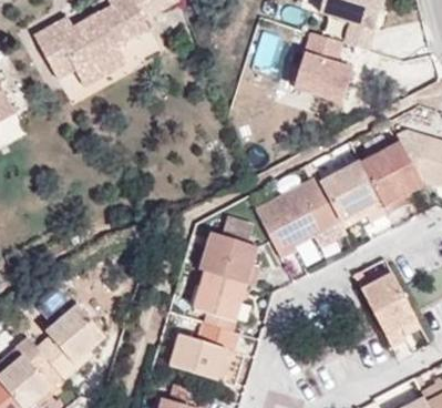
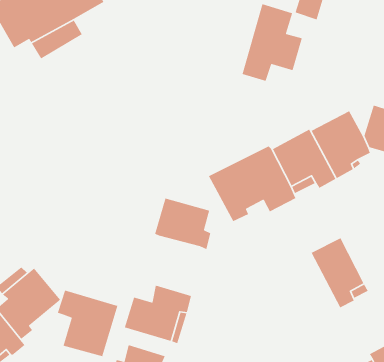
building: [195,271,247,329] -> none
building: none -> [57,289,118,357]

